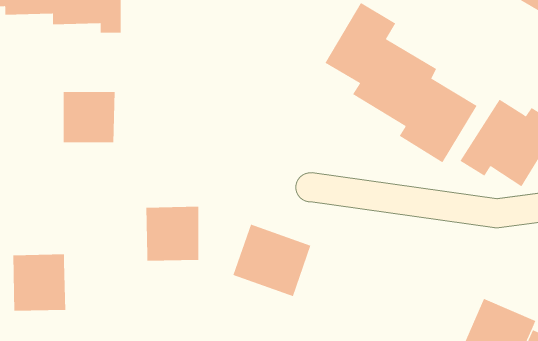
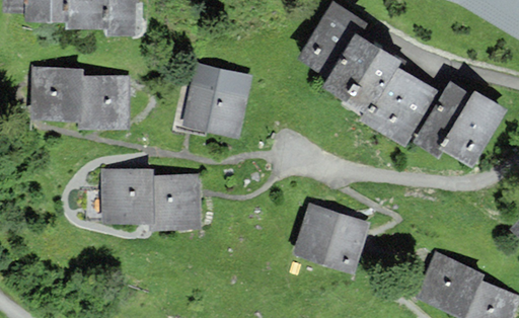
building: none -> [181,66,249,137]
building: none -> [35,72,81,116]
building: [232,224,311,297] -> [298,209,365,270]
building: [12,254,66,311] -> [106,173,152,222]

